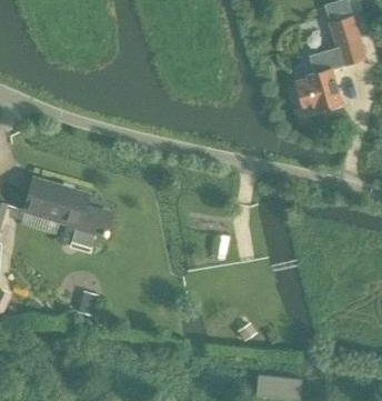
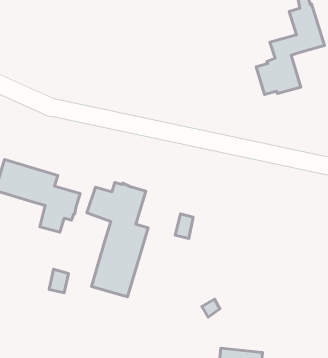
building: none -> [87,182,148,297]

